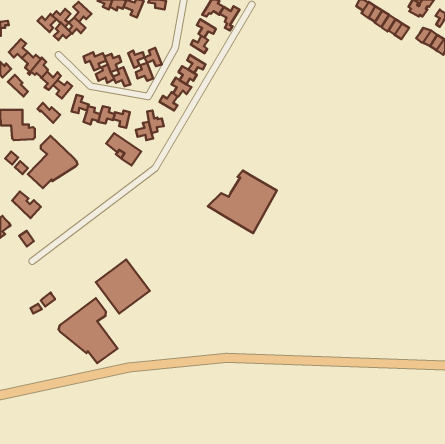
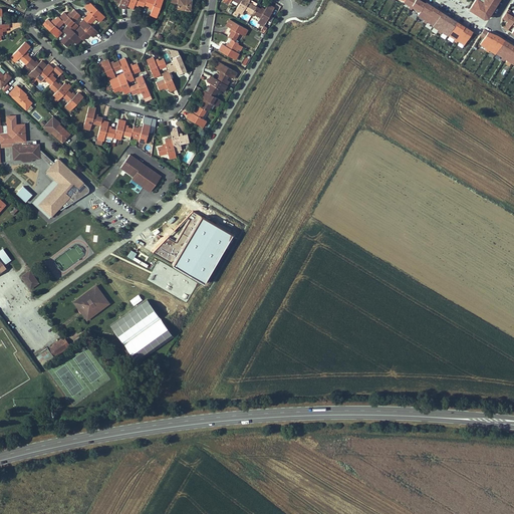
building: [208,171,277,233] -> [153,210,232,282]
building: [12,192,41,218] -> none
building: none -> [76,286,106,316]
building: [58,298,117,363] -> none

